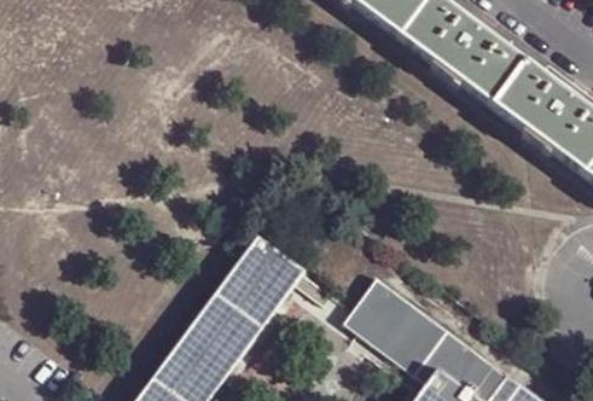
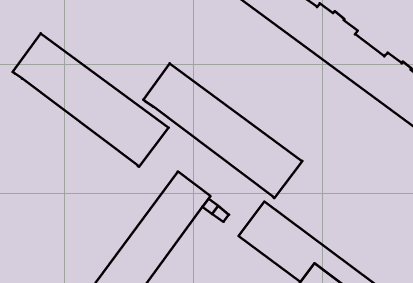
building: none -> [13,33,169,167]
building: none -> [143,63,302,198]

